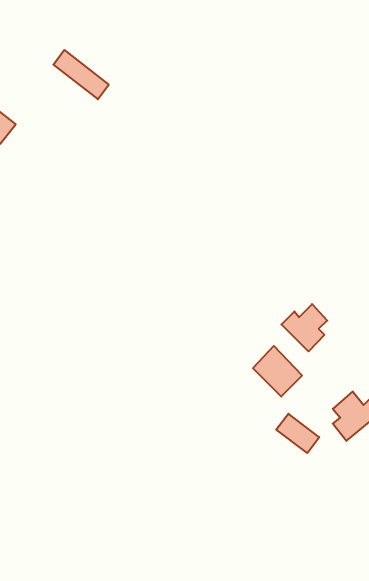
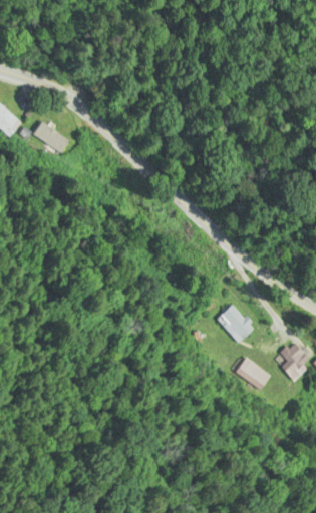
building: [53,50,109,99] -> [31,119,76,159]
building: [281,304,327,351] -> none

